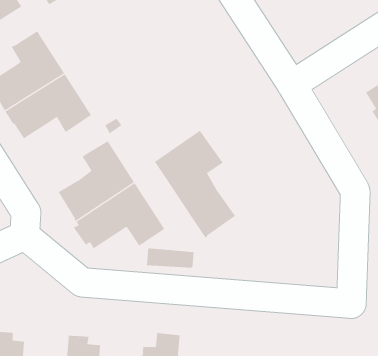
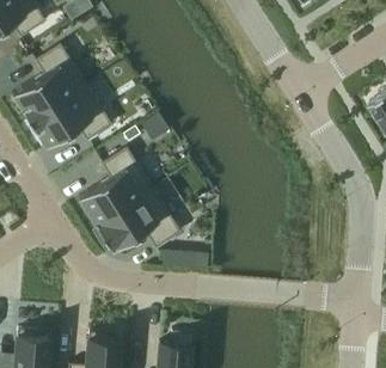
building: [154,130,236,238] -> none

